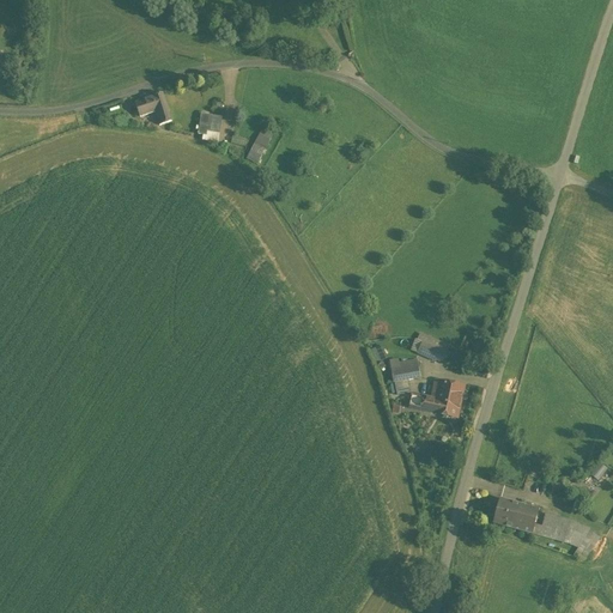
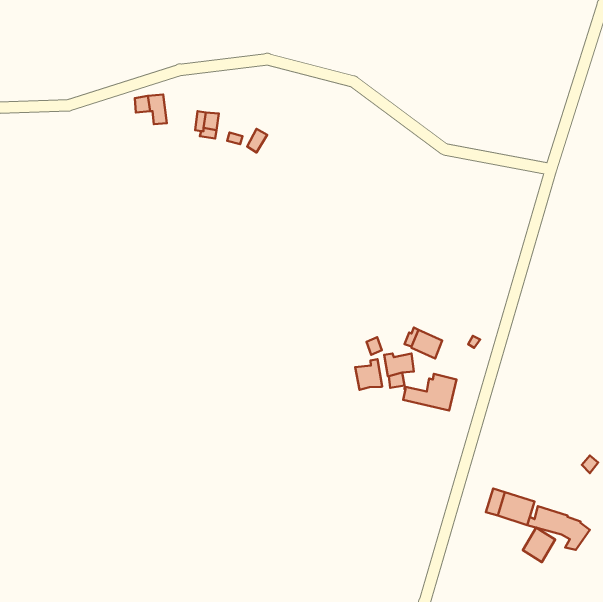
building: none -> [355,359,382,390]
building: none -> [523,528,555,562]

